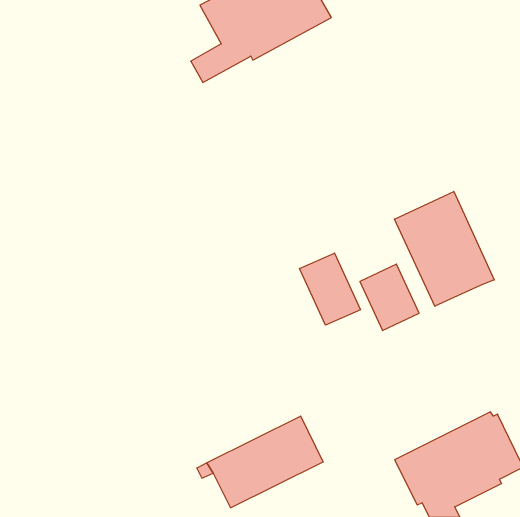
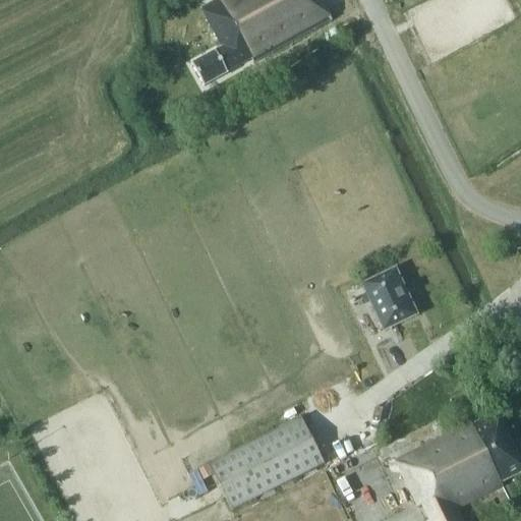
building: [394,191,494,306] -> none
building: [300,253,360,325] -> none

